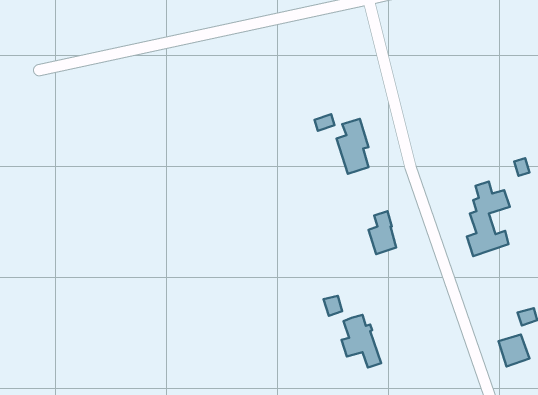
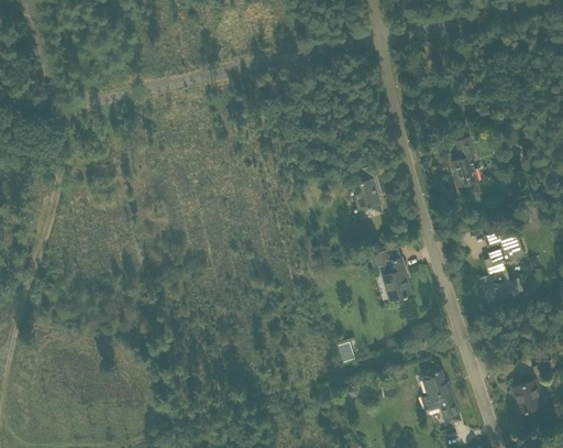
building: none -> [452,136,478,186]
building: [341,315,381,368] -> [420,370,460,423]

